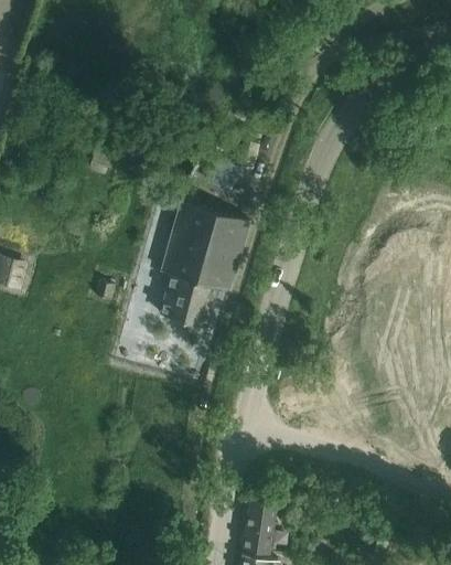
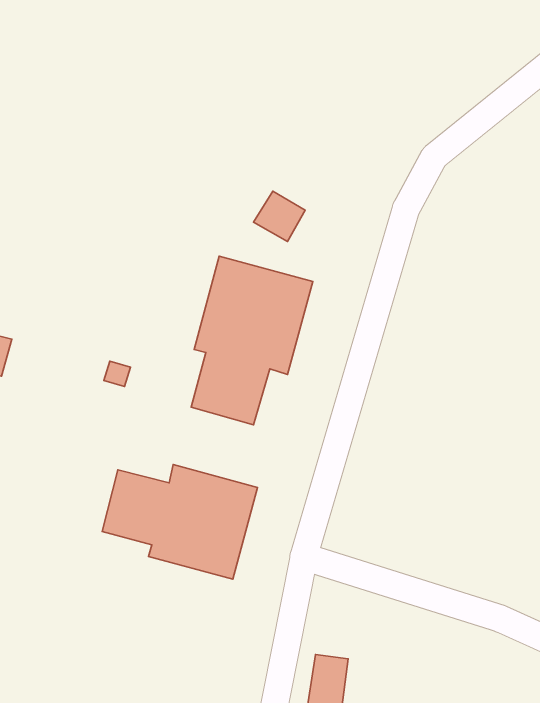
building: none -> [102,465,257,579]

